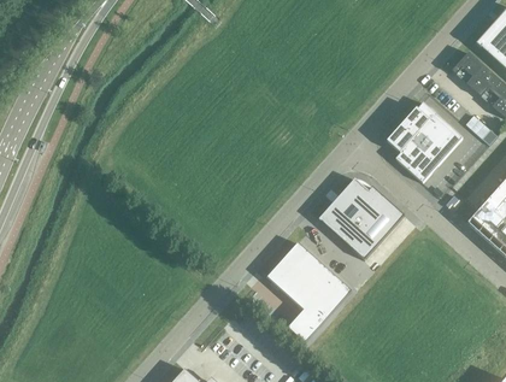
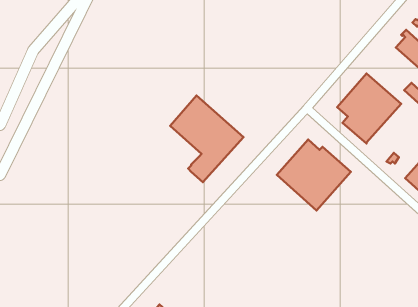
building: [267,241,352,341] -> [170,95,243,182]

